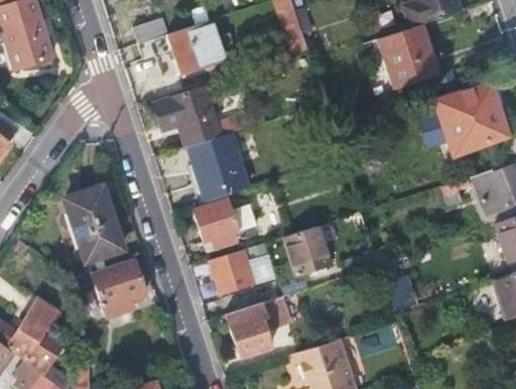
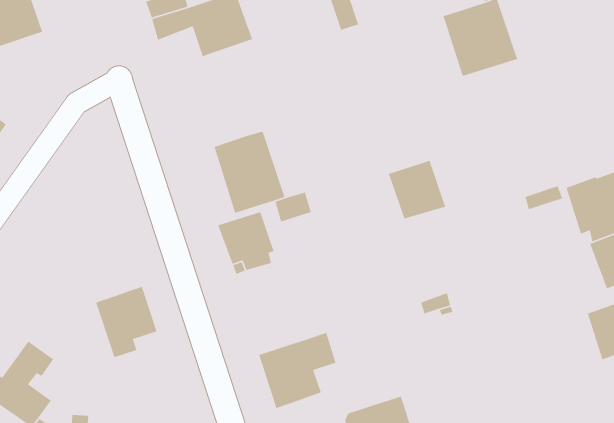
building: [435,83,509,156] -> none
building: [154,88,217,147] -> none
building: [66,188,121,261] -> none
building: [288,226,336,274] -> [388,160,446,220]
building: [210,247,256,295] -> none

